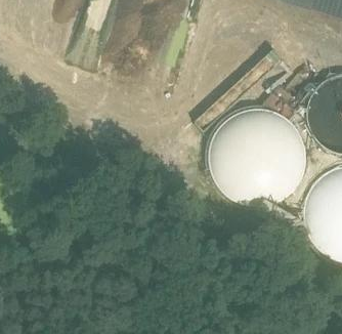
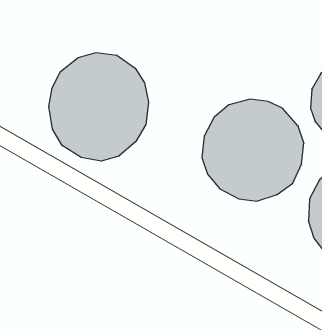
building: none -> [49,53,149,161]

